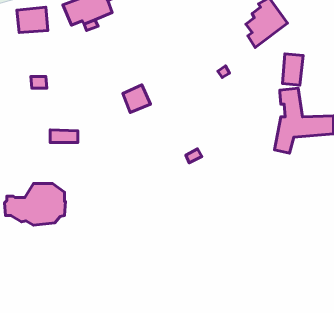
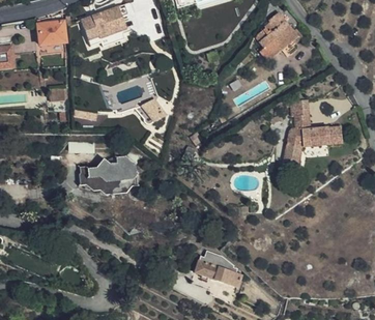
building: [282,54,303,85] -> none
building: [5,184,65,225] -> [75,152,134,193]
building: none -> [194,253,240,290]

